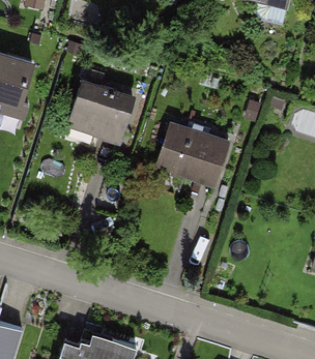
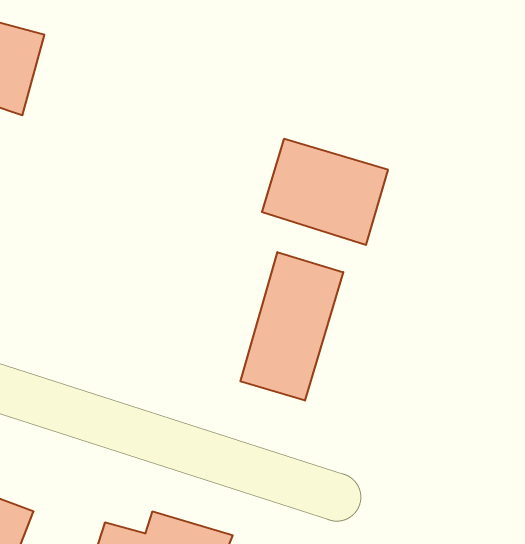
building: [66,73,133,137] -> none
building: none -> [240,252,343,401]

